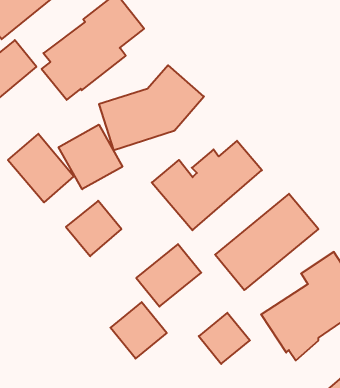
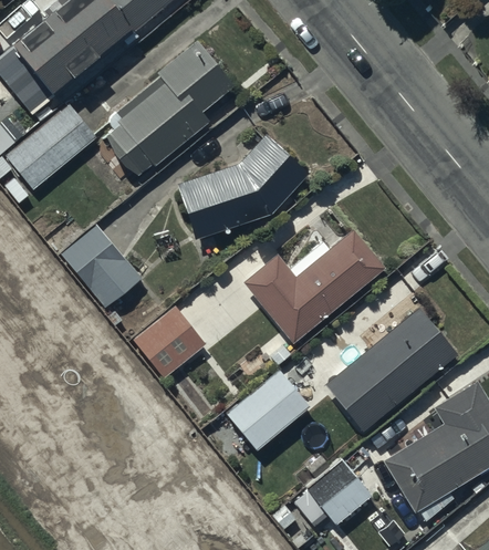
building: [59,125,122,189] -> none
building: [110,302,167,359] -> none

